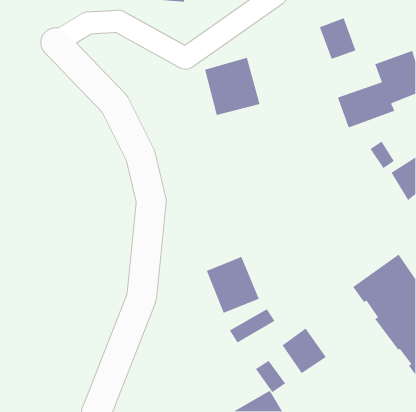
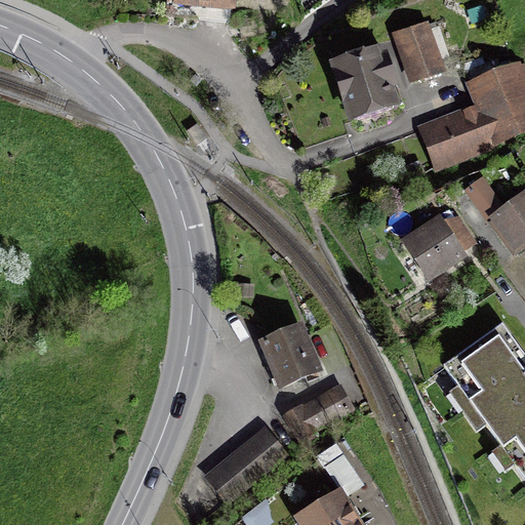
building: [204,57,260,116] -> [335,46,406,120]
building: none -> [394,214,469,290]
building: [281,327,327,374] -> none
building: none -> [198,423,286,506]

